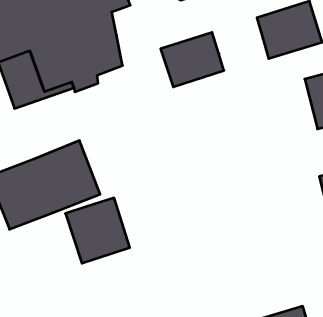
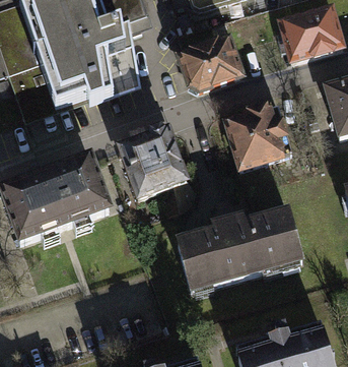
building: none -> [224,105,288,169]
building: none -> [173,203,306,292]
building: [65,198,130,263] -> [121,130,188,198]

